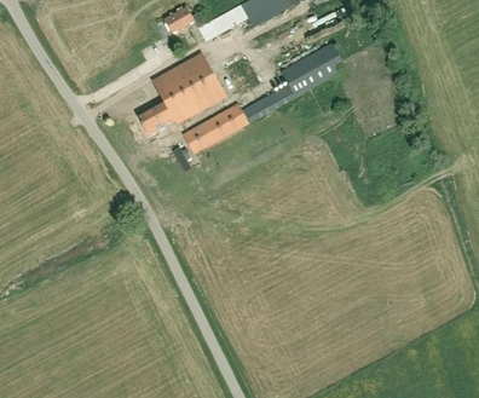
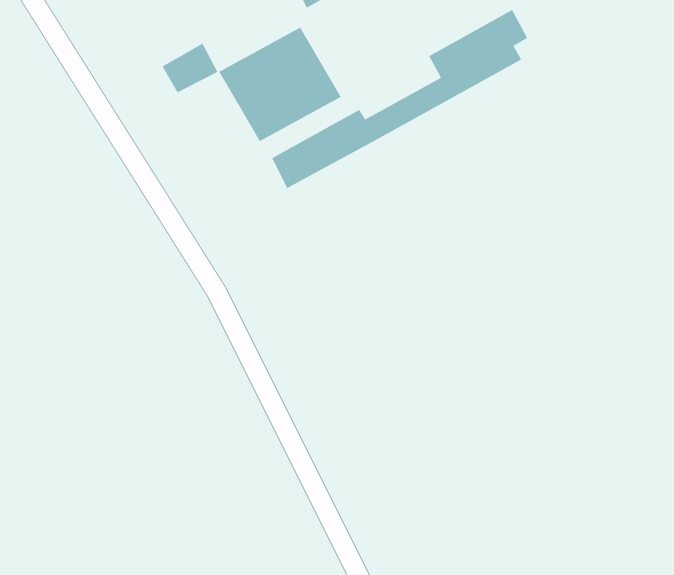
building: [139,102,174,133] -> [162,43,219,94]

